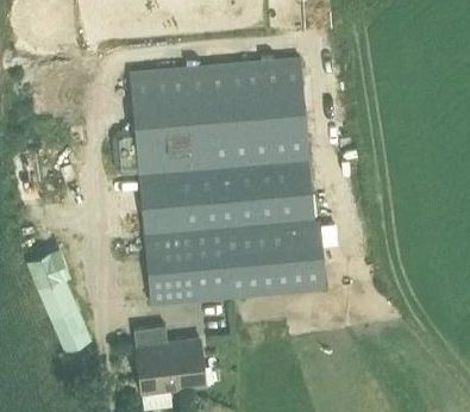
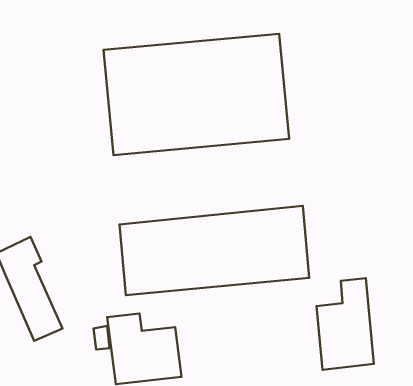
building: [138,157,314,239] -> none
building: none -> [316,278,374,370]

